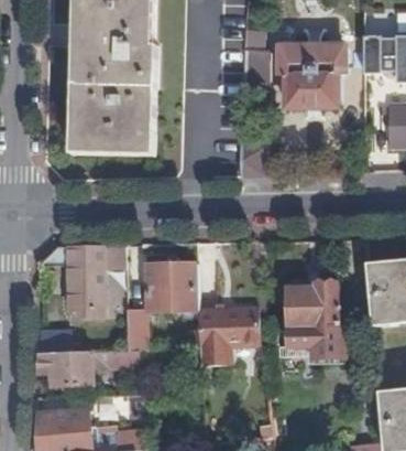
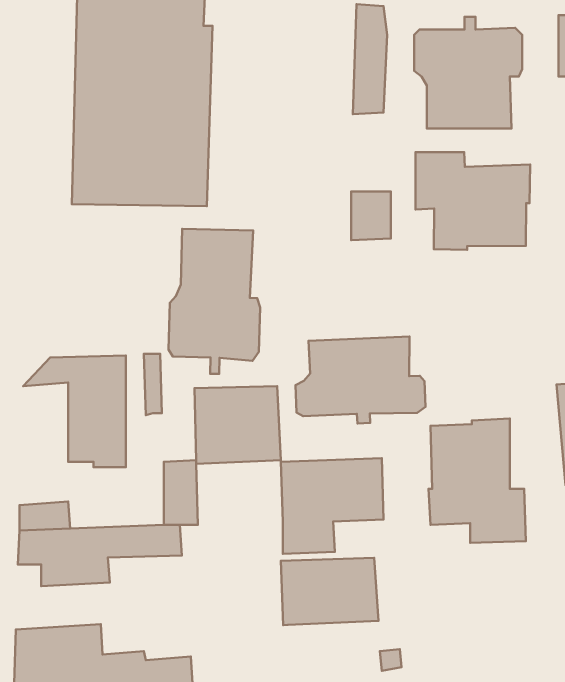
building: none -> [416,152,530,250]
building: none -> [169,229,260,374]
building: none -> [295,337,426,423]
building: none -> [281,558,378,625]

